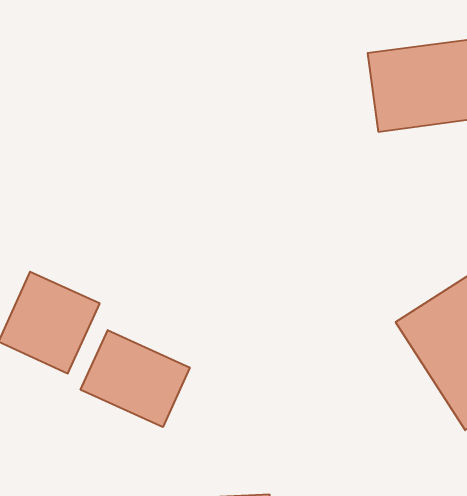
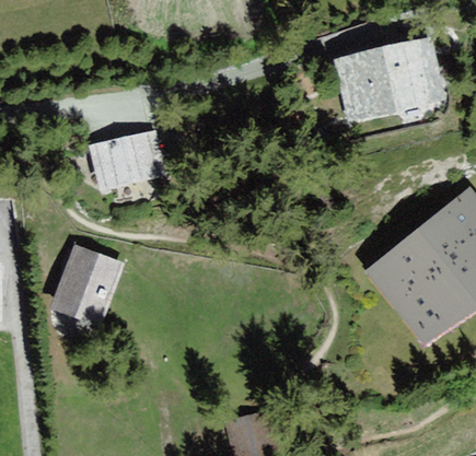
building: none -> [84,133,156,194]
building: [81,330,190,427] -> none

